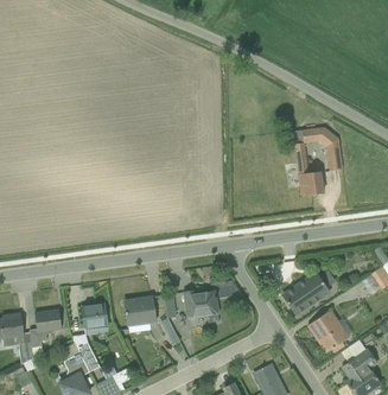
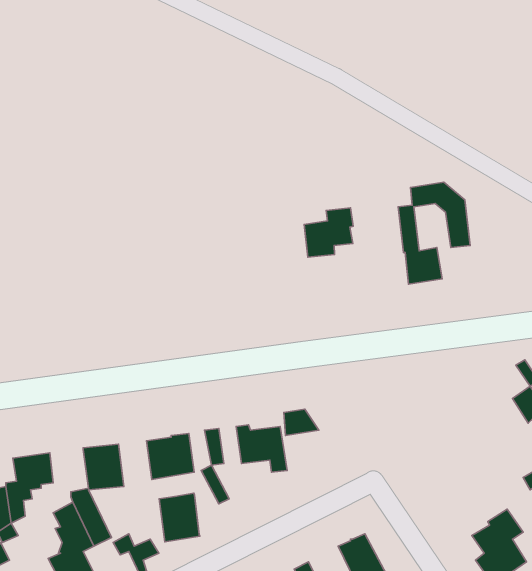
building: none -> [304,208,353,257]
building: [280,269,335,317] -> none
building: [307,310,349,352] -> none
building: none -> [159,493,200,542]

